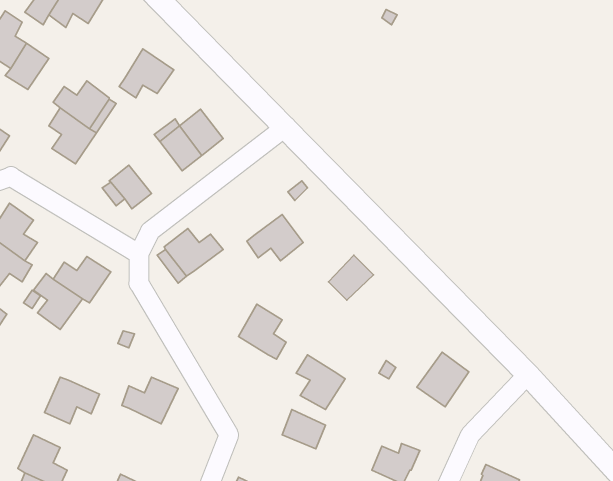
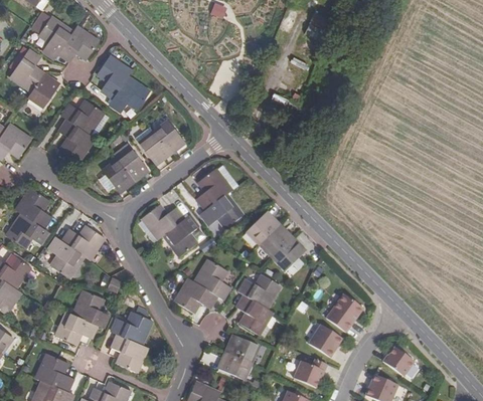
building: none -> [97,55,131,97]
building: none -> [117,148,148,180]
building: none -> [197,169,232,210]
building: none -> [247,212,278,243]
building: none -> [164,216,198,256]
building: none -> [273,238,305,270]
building: none -> [238,275,280,309]
building: none -> [175,278,216,313]
building: none -> [73,289,108,327]
building: none -> [306,325,340,358]
building: none -> [112,334,147,372]
building: none -> [380,347,412,376]
building: none -> [218,353,251,380]

